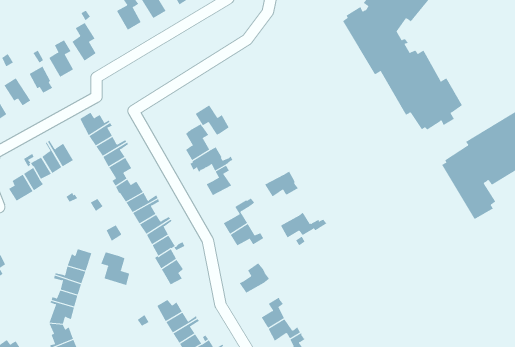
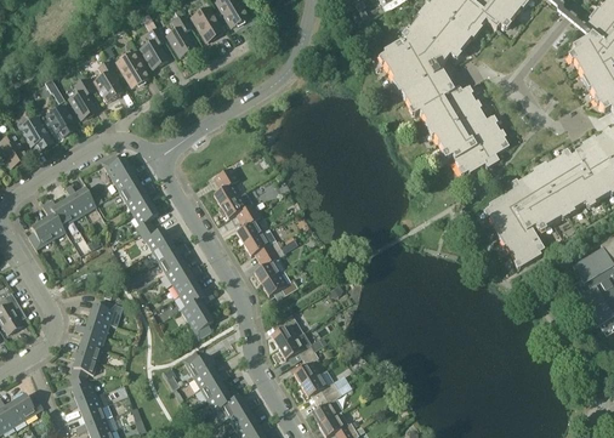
building: none -> [115,50,148,87]
building: [195,104,230,136] -> none
building: [264,171,299,197] -> [243,228,279,256]
building: [280,212,327,238] -> [278,331,328,359]
building: [101,251,130,286] -> none

